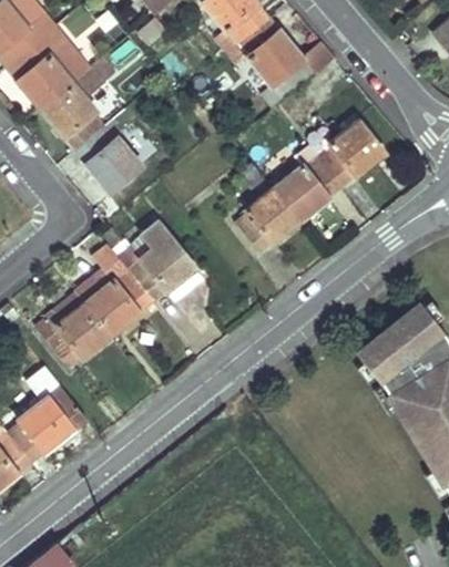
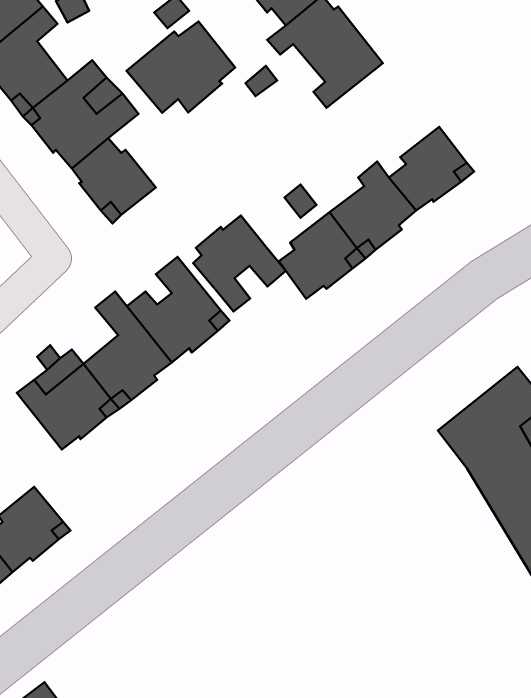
building: none -> [127,21,235,113]
building: none -> [193,215,286,312]

